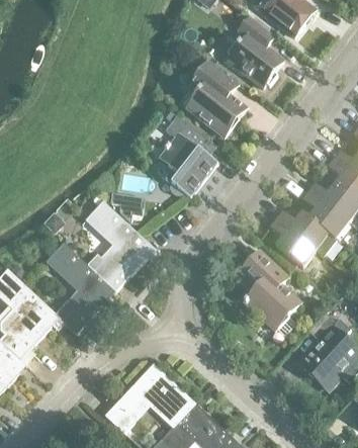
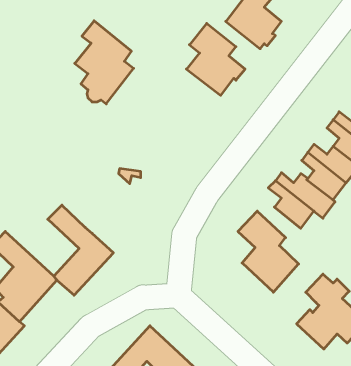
building: [159,115,217,198] -> [75,21,134,104]
building: [87,200,158,291] -> none

